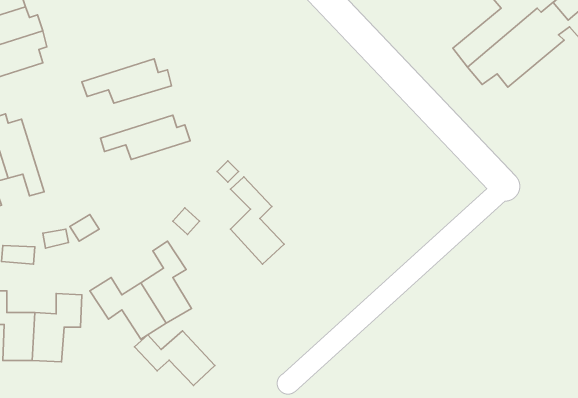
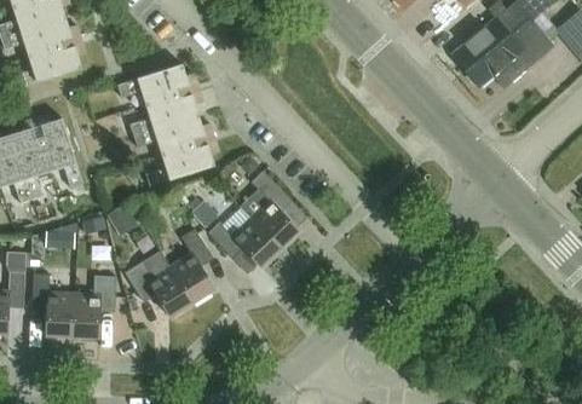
building: none -> [129,88,202,135]
building: none -> [145,138,218,187]
building: [134,331,215,386] -> [207,218,280,267]

